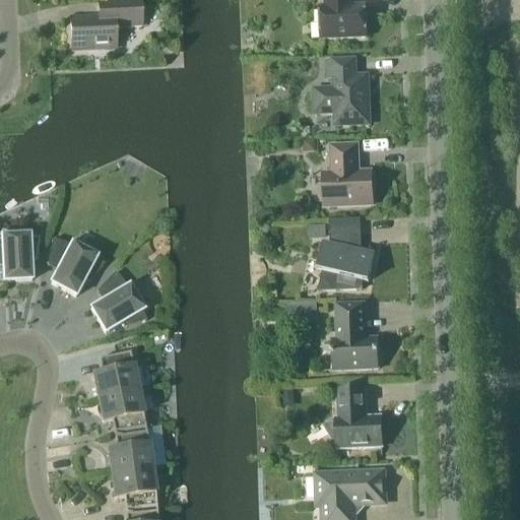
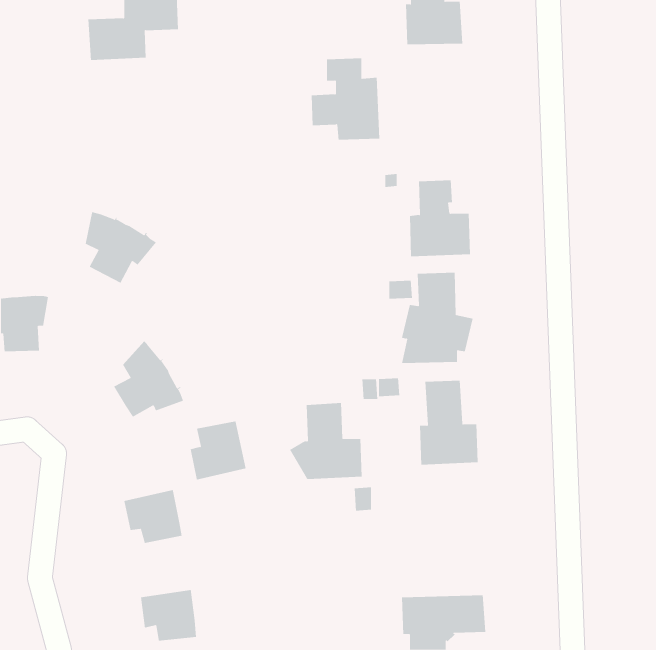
building: [315,57,370,122] -> [311,58,380,140]
building: [48,237,105,294] -> [85,212,157,283]
building: [93,349,138,396] -> [190,421,246,480]
building: [324,385,382,446] -> [289,402,362,480]
building: [108,429,152,472] -> none

